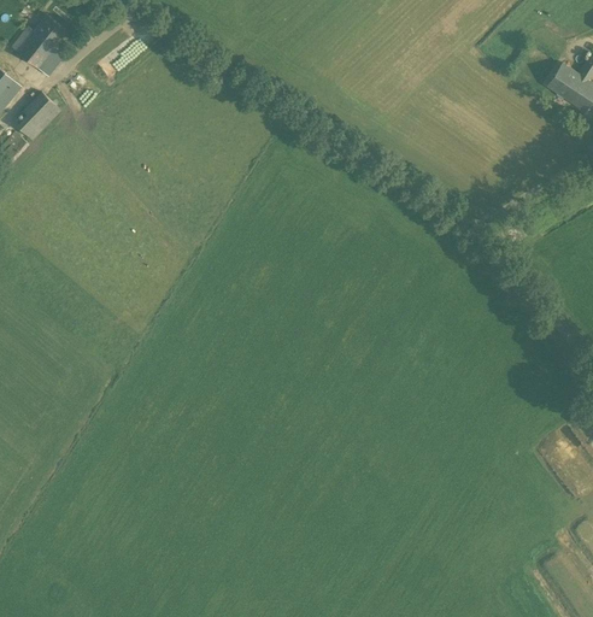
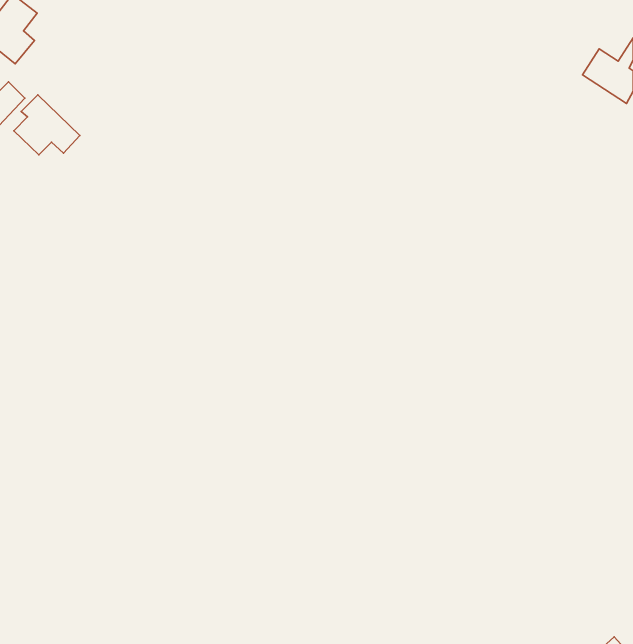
building: none -> [14,95,80,155]

